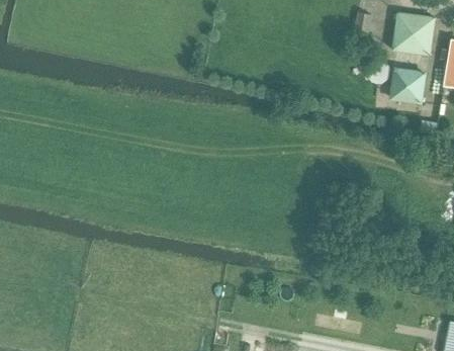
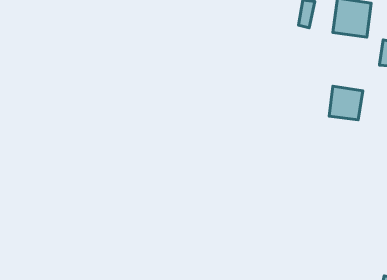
building: [389,67,427,104] -> [329,86,363,120]

